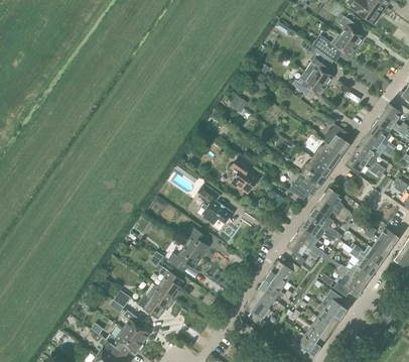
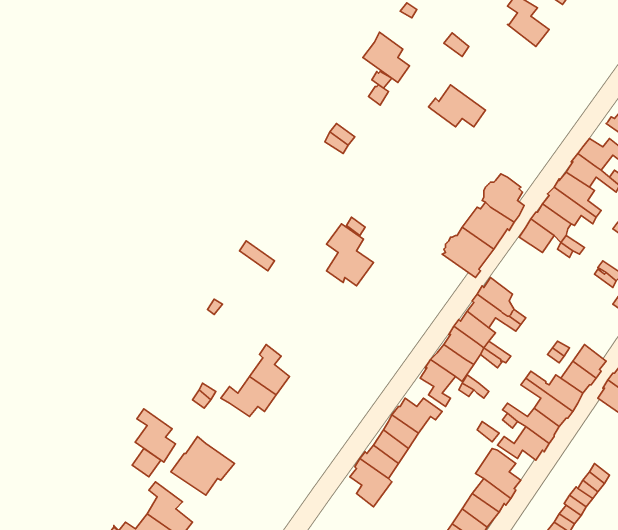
building: [325,33,357,57] -> none
building: [305,56,333,87] -> [363,32,410,83]
building: [289,173,320,199] -> none
building: [197,185,233,224] -> none
building: [158,267,182,299] -> [135,409,176,462]

